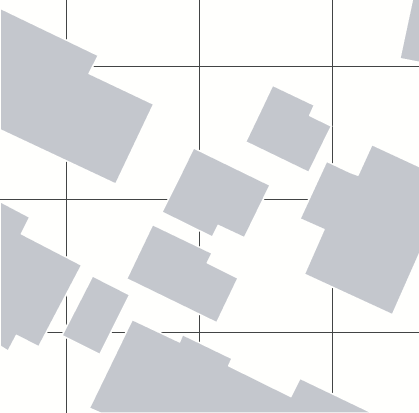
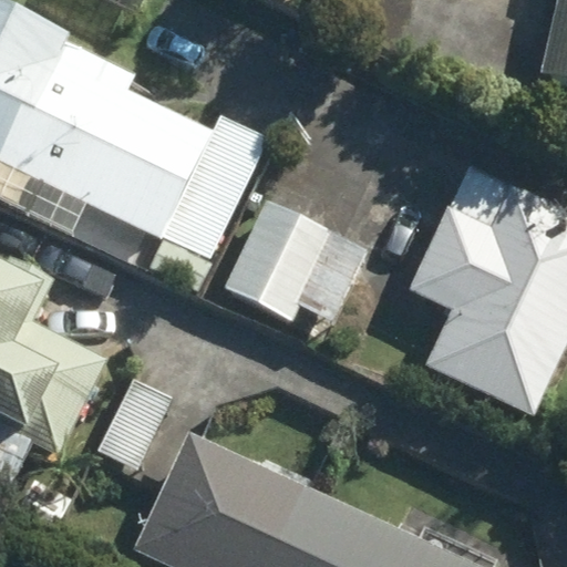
building: [245,85,331,173] -> none
building: [126,225,238,323] -> none

